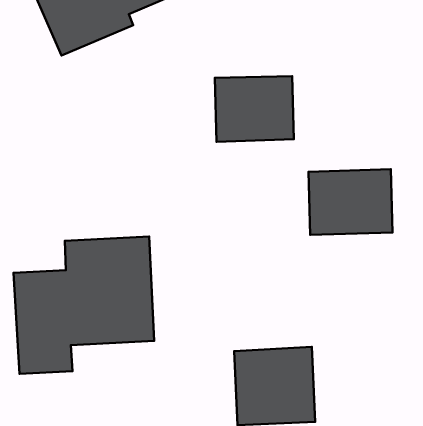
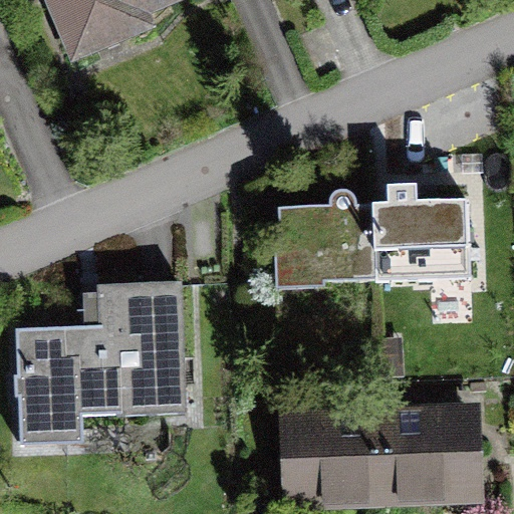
building: [215,76,294,142] -> [275,205,369,283]
building: none -> [371,410,478,503]

